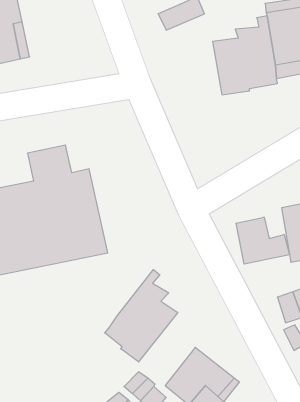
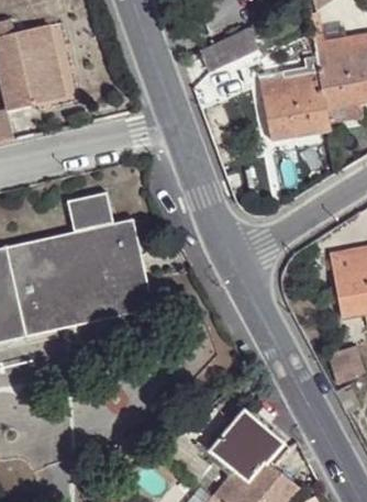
building: [236,217,290,264] -> none
building: [105,270,178,362] -> none

